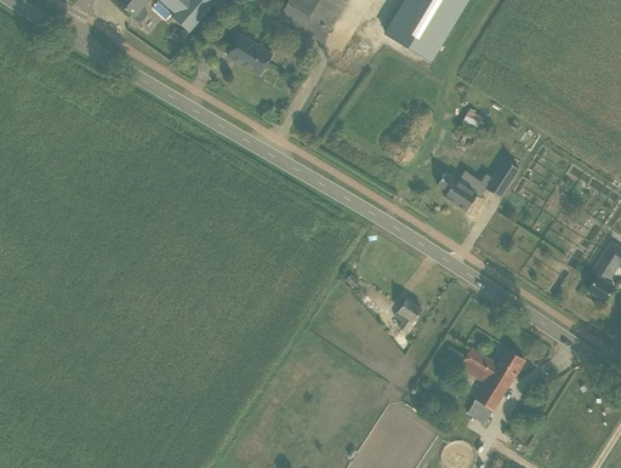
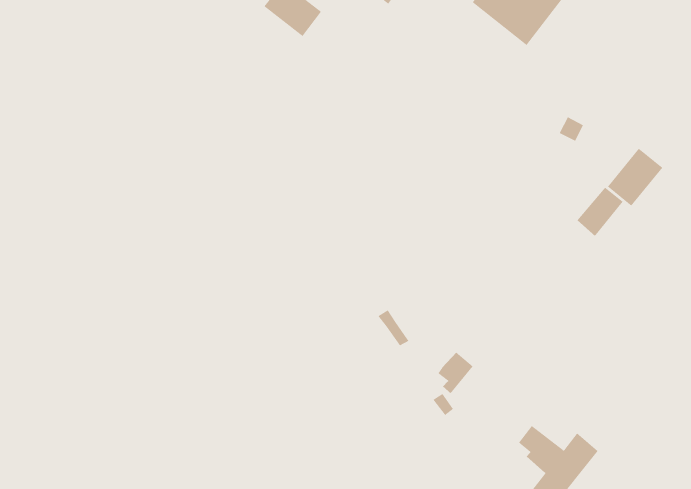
building: none -> [607,148,663,207]
building: [437,170,477,210] -> none

